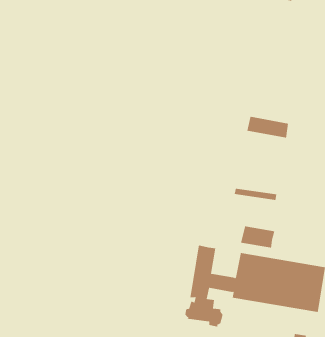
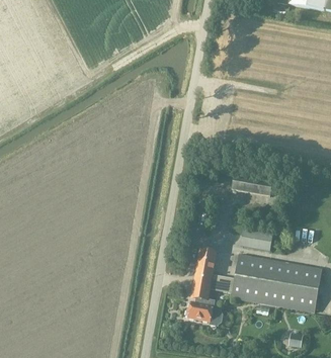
building: [247,116,289,138] -> [233,174,273,195]

